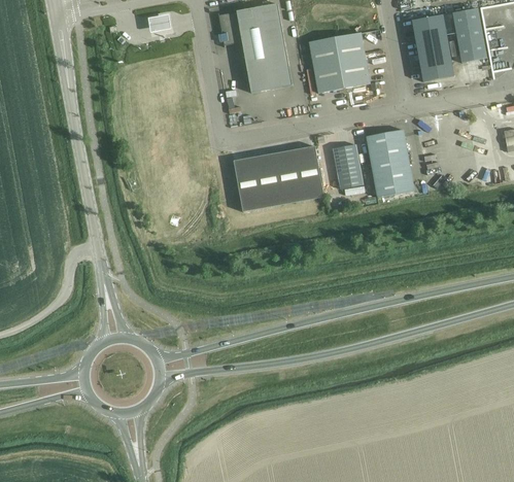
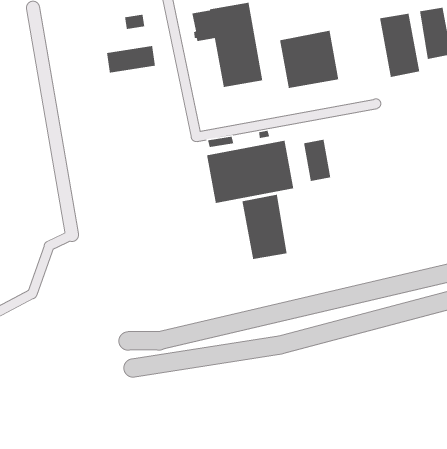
building: none -> [106,45,156,74]
building: [367,129,414,197] -> [241,194,287,260]

